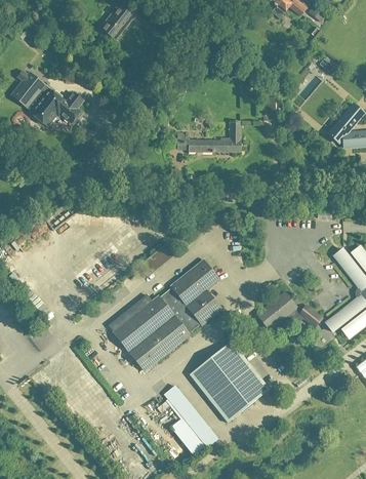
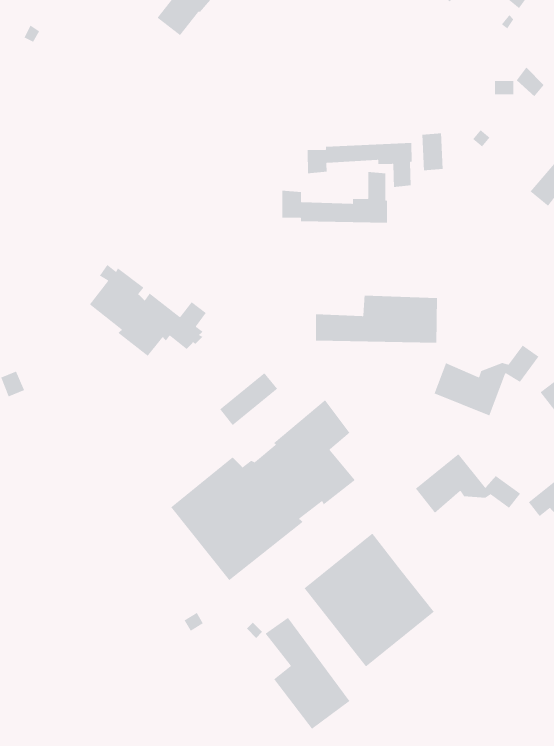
building: [11,69,83,125] -> [89,264,207,357]
building: none -> [307,142,413,188]
building: none -> [315,295,438,344]
building: none -> [434,345,540,417]

